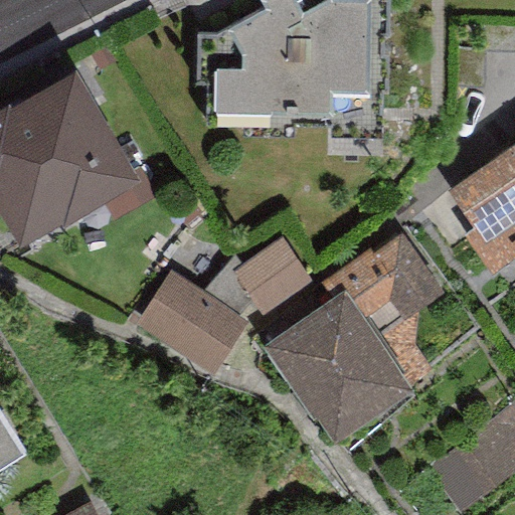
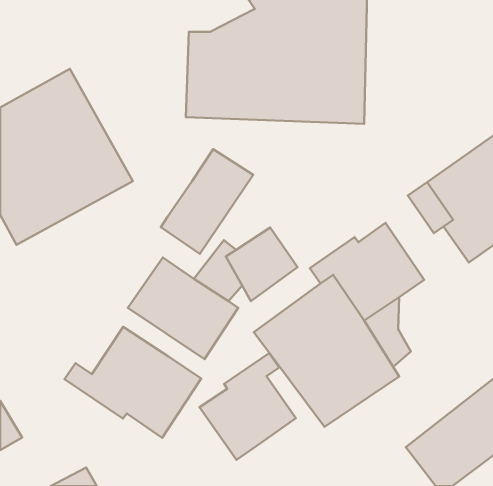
building: none -> [161,149,253,254]
building: none -> [65,327,201,438]
building: none -> [199,353,296,460]

